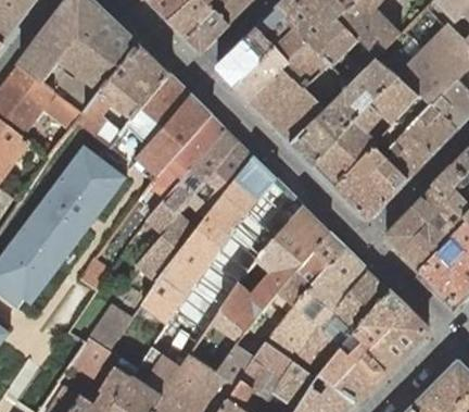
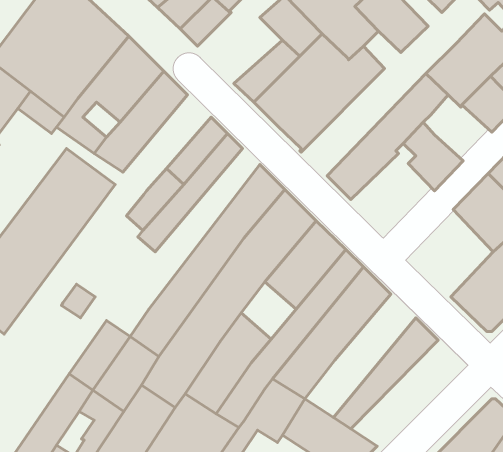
building: [216,28,275,86] -> none
building: [291,58,400,167] -> none
building: [136,96,213,179] -> none
building: [404,96,457,153] -> none
building: [136,142,255,283] -> none
building: [334,147,407,219] -> none
building: [386,196,458,272] -> none
building: [239,259,287,309] -> none
building: [294,270,391,377] -> none
building: [334,310,428,402] -> none

